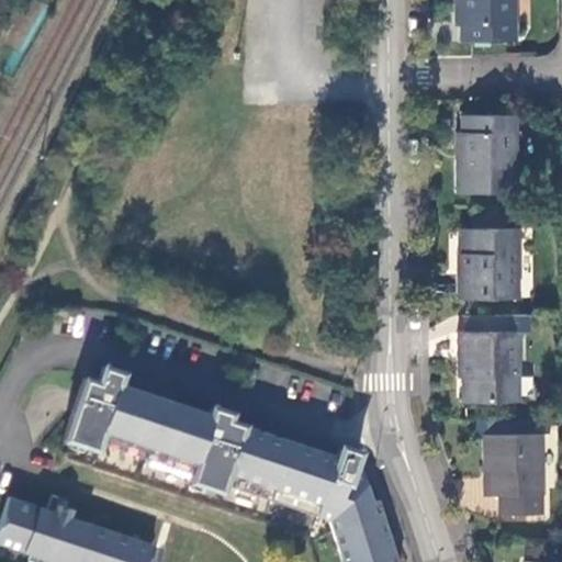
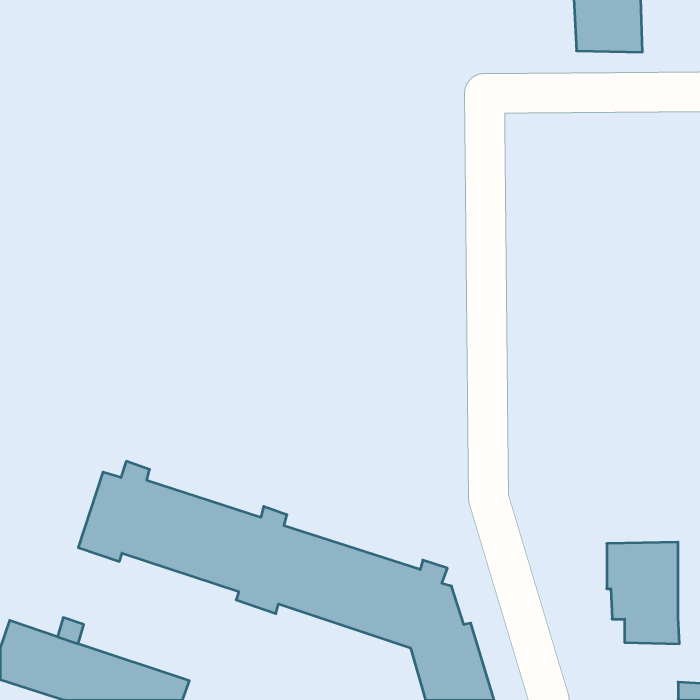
building: [458,123,518,193] -> none
building: [460,232,519,299] -> none
building: [459,331,520,401] -> none

